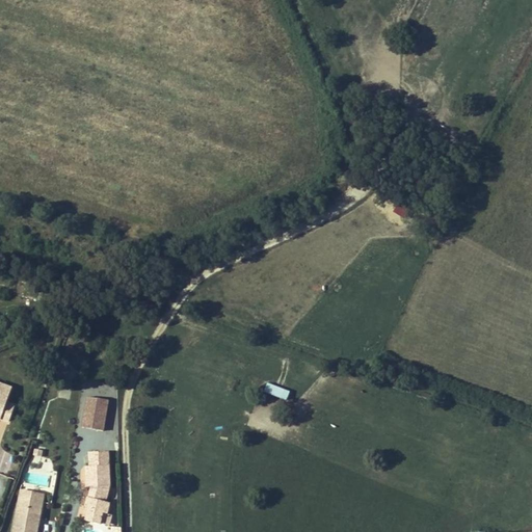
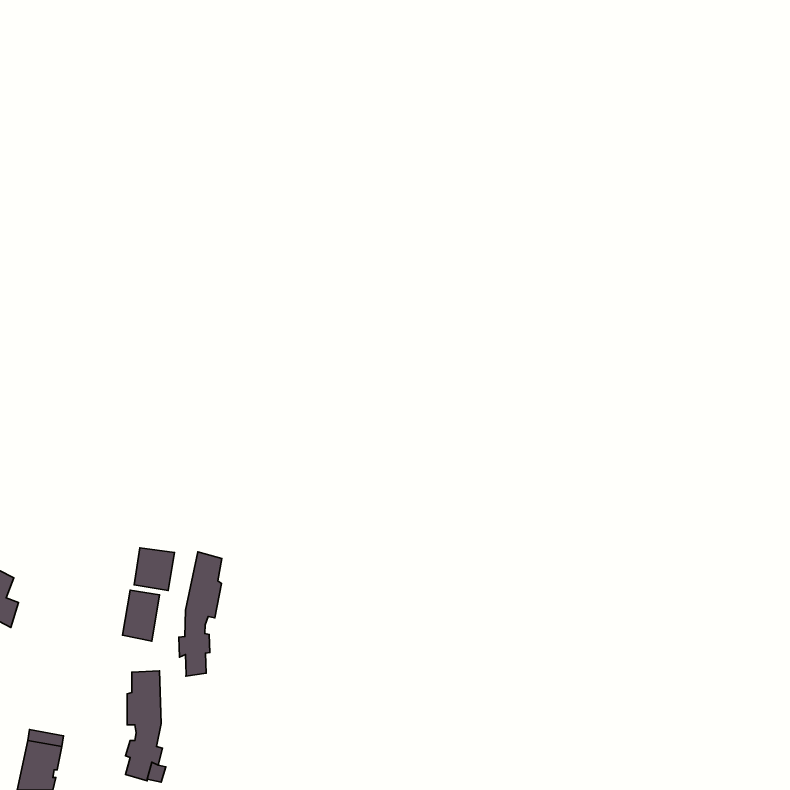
building: none -> [134,548,175,591]
building: none -> [179,552,222,676]

